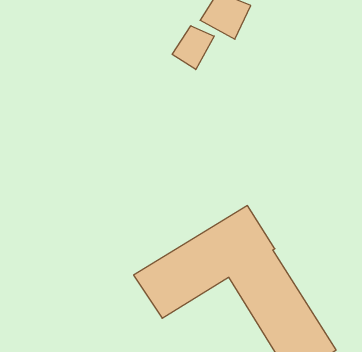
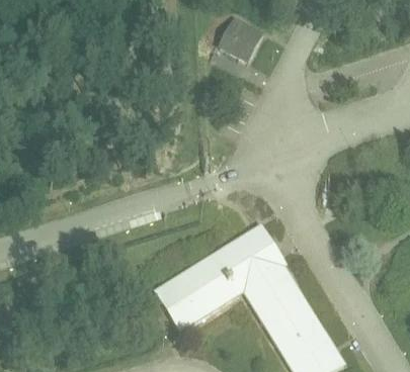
building: [172,26,214,70] -> none

